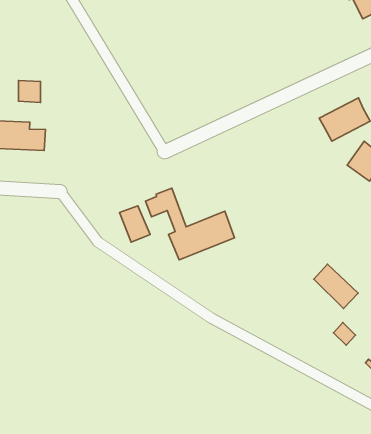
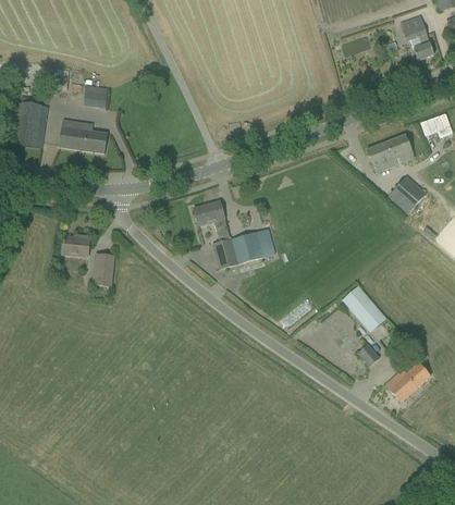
building: [119,206,150,242] -> none
building: none -> [61,235,89,256]
building: none -> [93,254,114,285]

